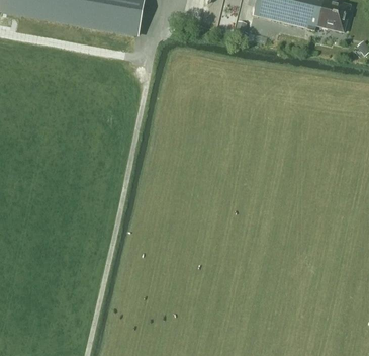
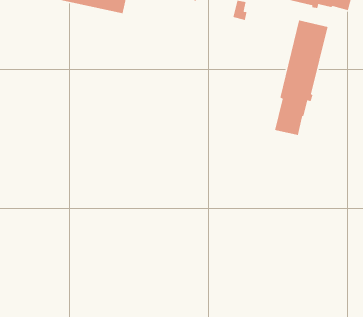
building: none -> [274,19,328,136]

